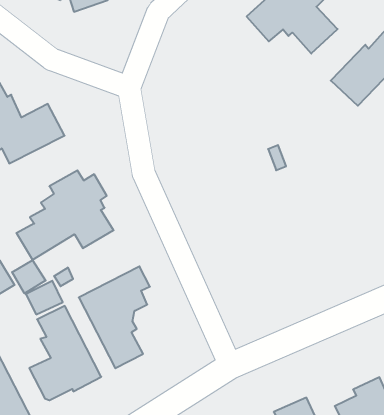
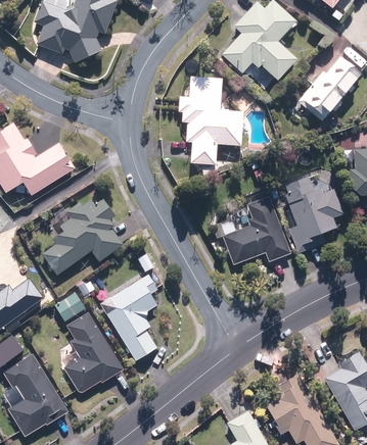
building: none -> [178,76,243,164]
building: none -> [284,176,343,252]
building: none -> [222,196,291,264]
building: [12,260,46,293] -> none

